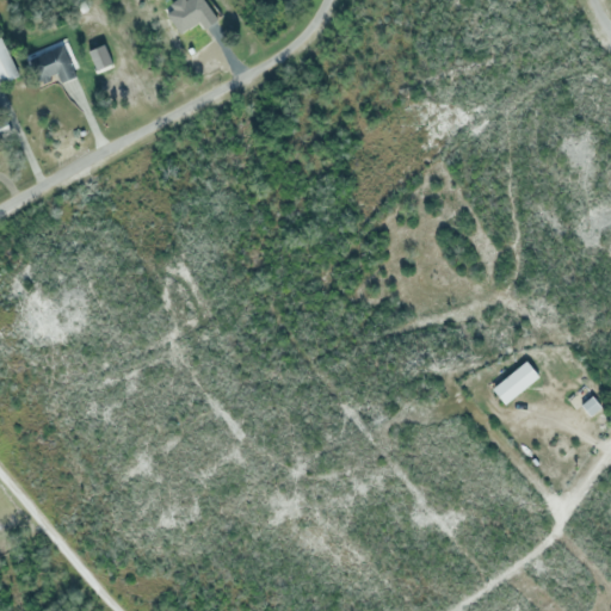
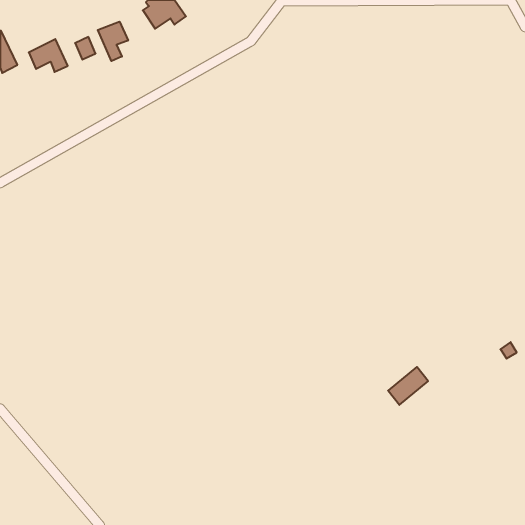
building: none -> [98,22,128,61]
building: [492,362,538,406] -> [388,367,428,405]

